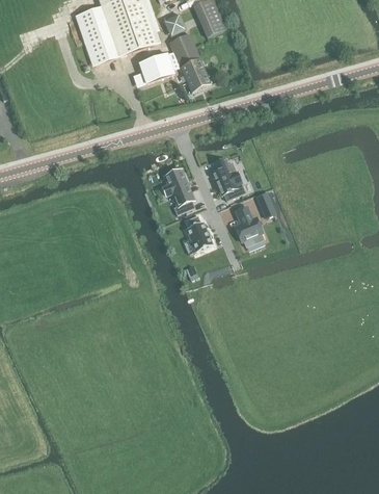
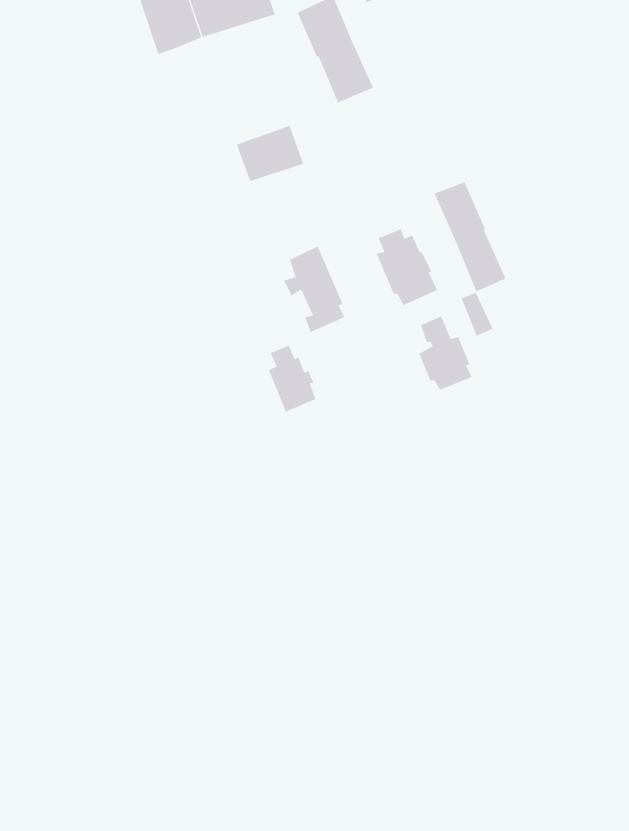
building: [137,52,173,82] -> [236,125,304,181]
building: none -> [434,181,506,292]
building: [185,214,211,251] -> [268,345,316,413]

